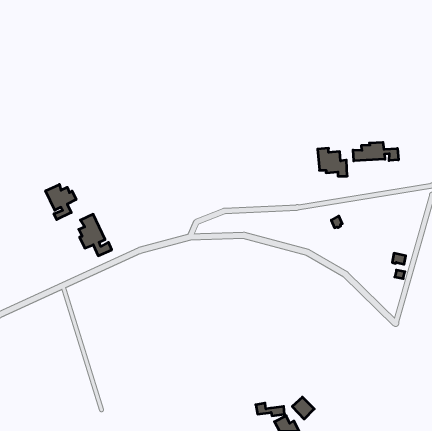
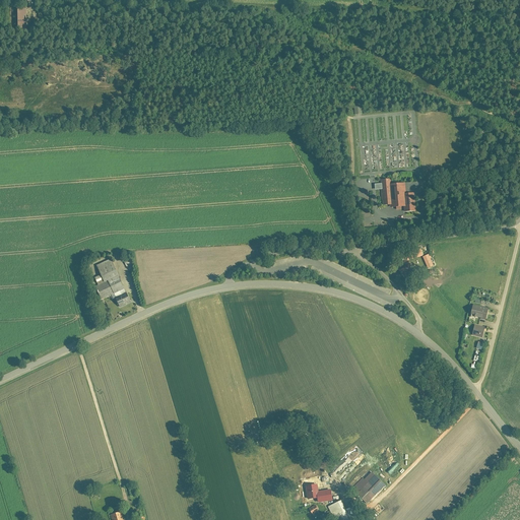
building: [353,142,398,161] -> none
building: [46,184,76,220] -> none

